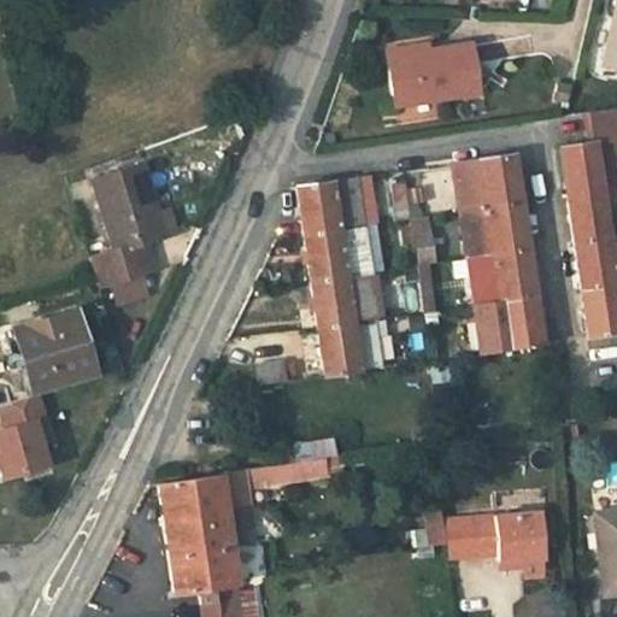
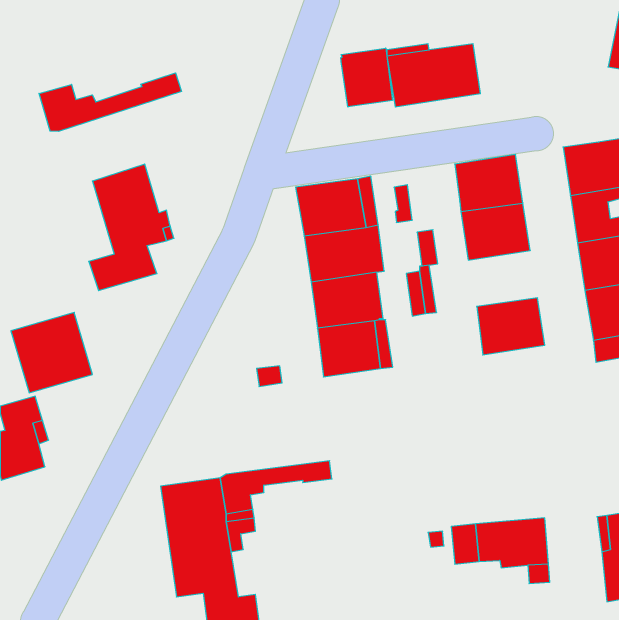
building: none -> [341,48,392,107]
building: none -> [39,73,182,131]
building: [466,249,535,305] -> none

